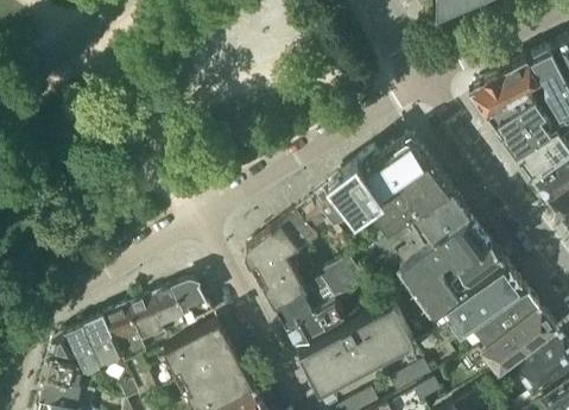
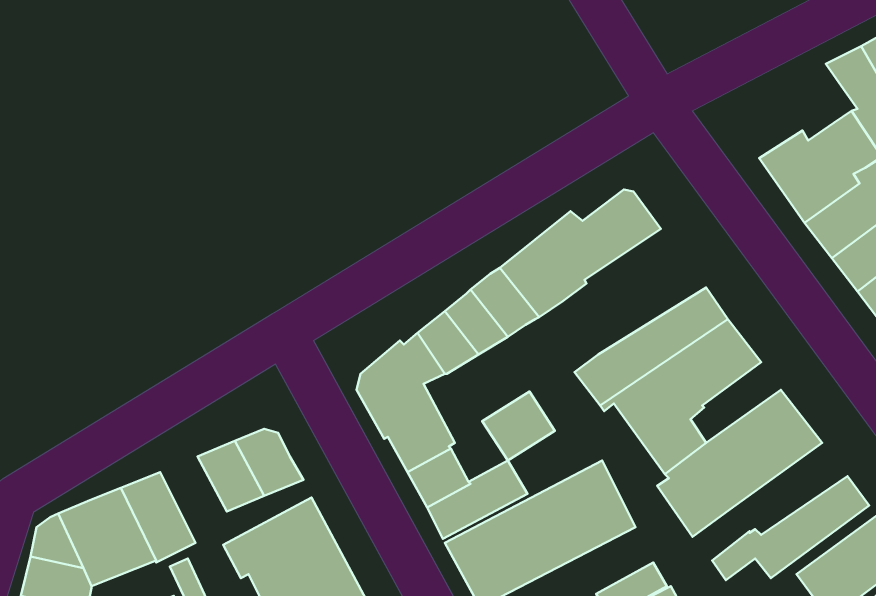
building: [474,64,540,121] -> none
building: [371,164,457,240] -> none
building: [448,245,502,294] -> none
building: [472,294,543,349] -> none
building: [127,302,171,354] -> none

